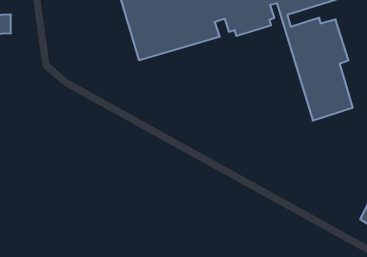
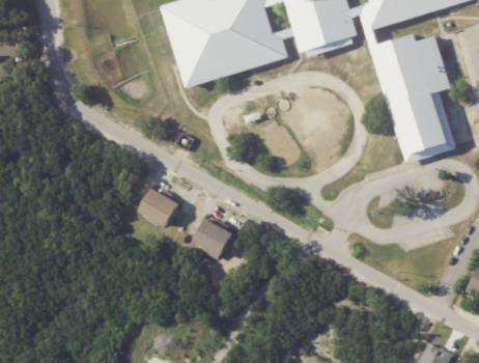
building: none -> [138,186,179,226]
building: none -> [191,216,232,260]

